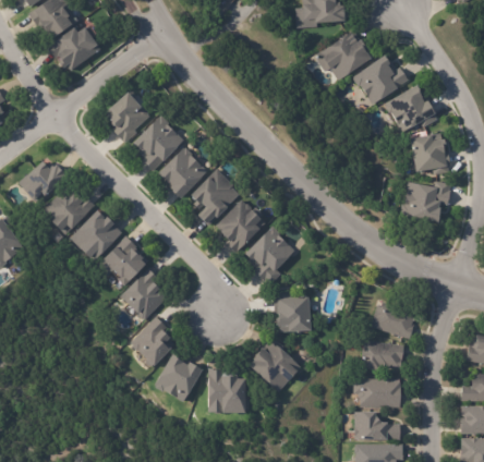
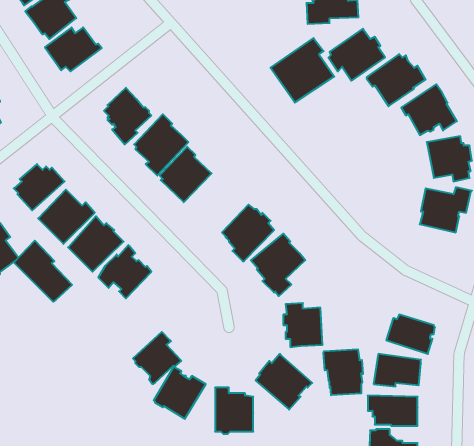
building: none -> [271,38,334,103]
building: [190,168,240,226] -> none
building: none -> [14,241,72,302]
building: [121,268,169,320] -> none
building: none -> [323,349,363,395]

